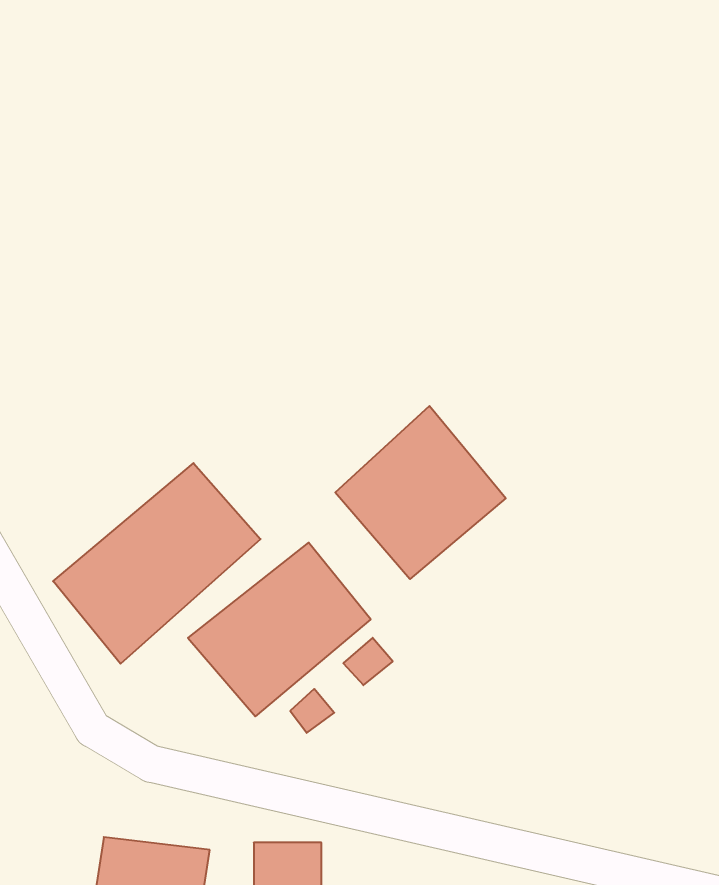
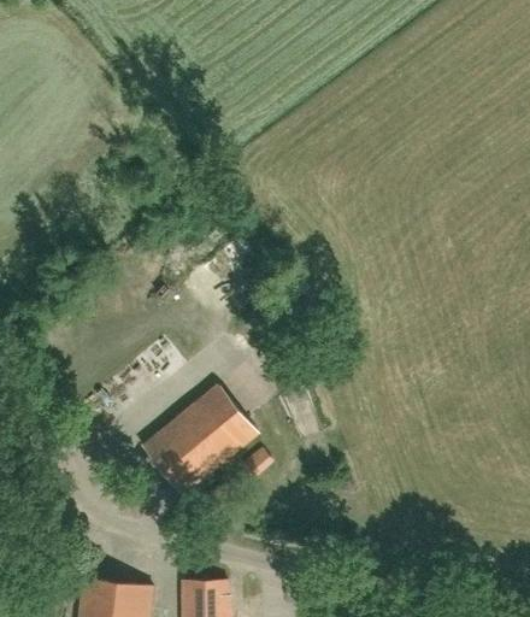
building: [335,406,506,579] -> none
building: [53,463,261,664] -> none

